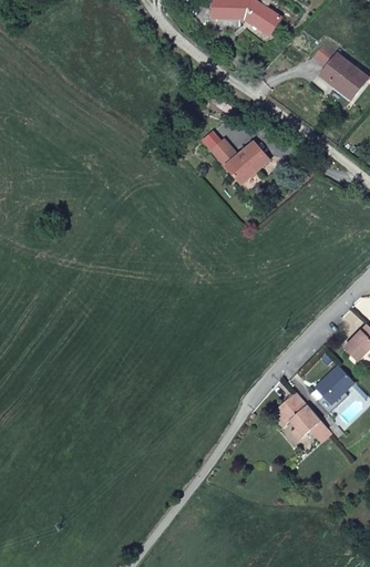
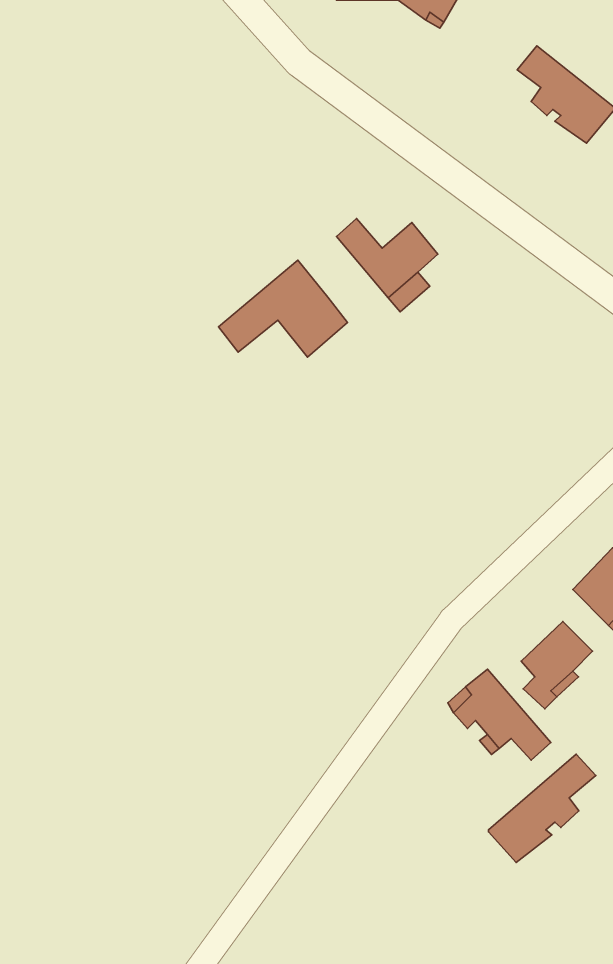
building: none -> [218,260,347,357]
building: none -> [489,754,596,862]

